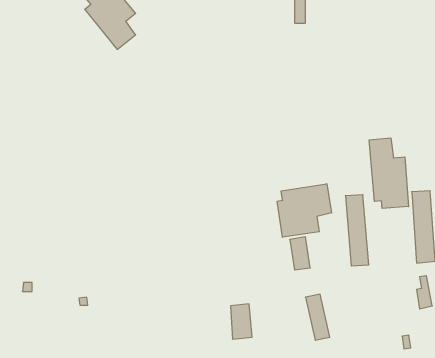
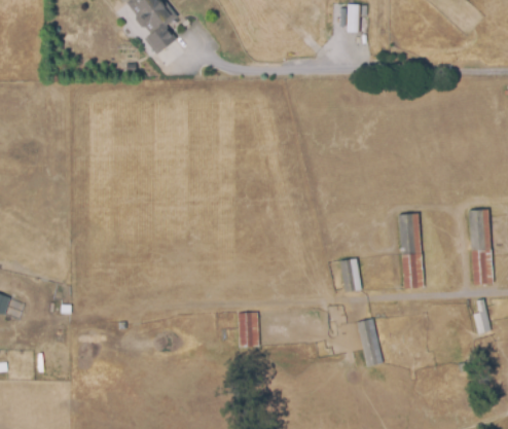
building: [369,138,409,208] -> none
building: [277,184,332,237] -> none
building: [231,304,252,339] -> [237,310,259,347]

